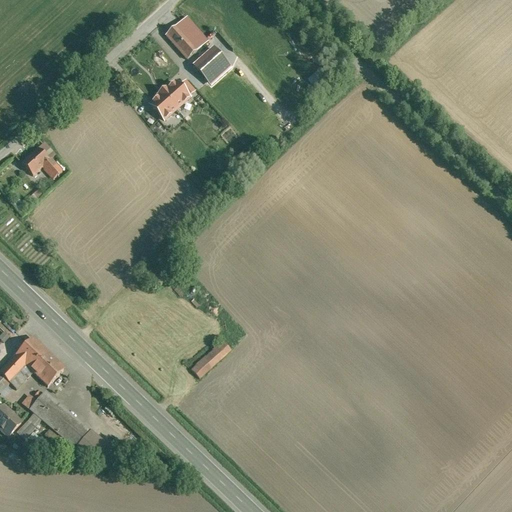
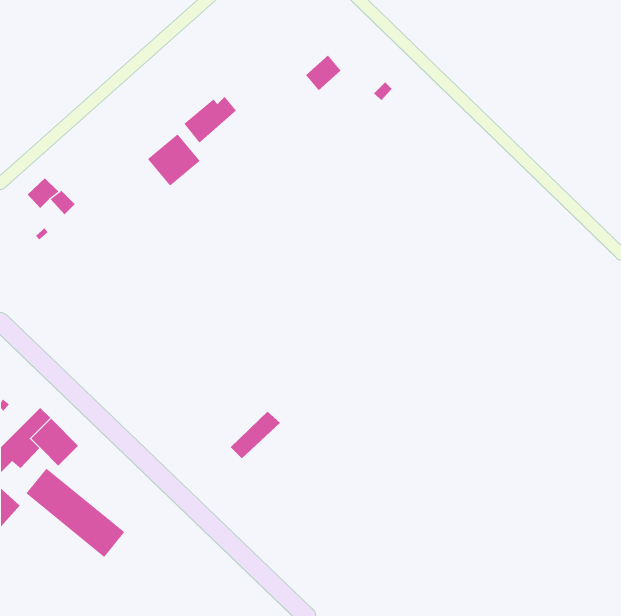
building: [165,17,204,57] -> none
building: [193,45,223,75] -> [305,55,342,91]
building: none -> [147,133,200,186]

